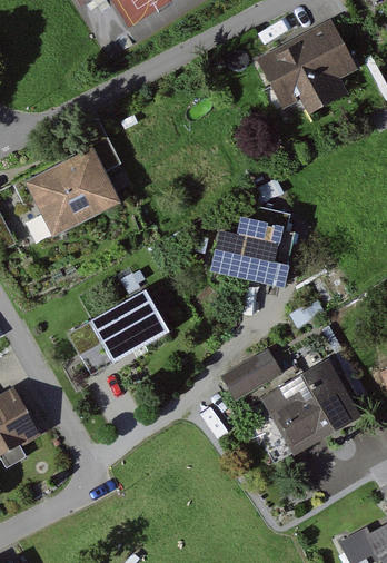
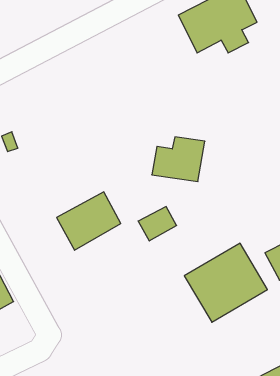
building: [33,150,127,238] -> none
building: [218,353,268,397] -> [138,207,177,241]

